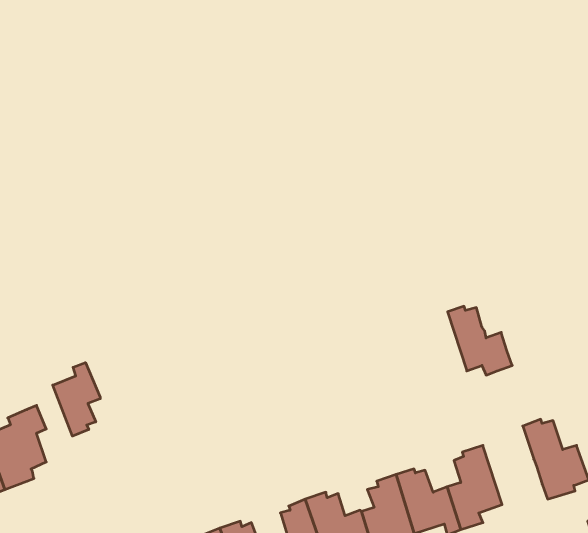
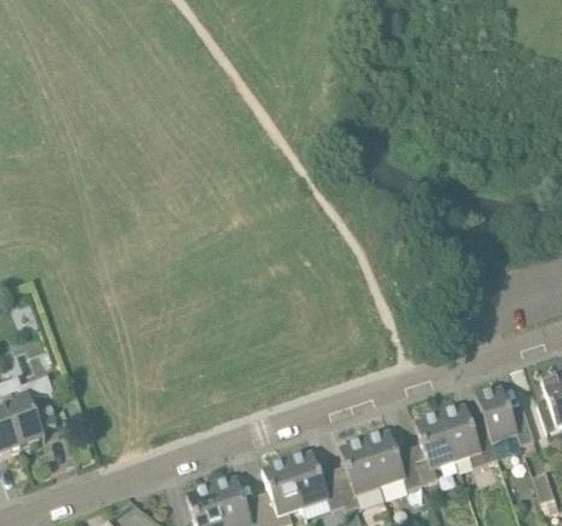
building: [448,306,512,375] -> [441,406,498,467]
building: [53,363,100,436] -> none

